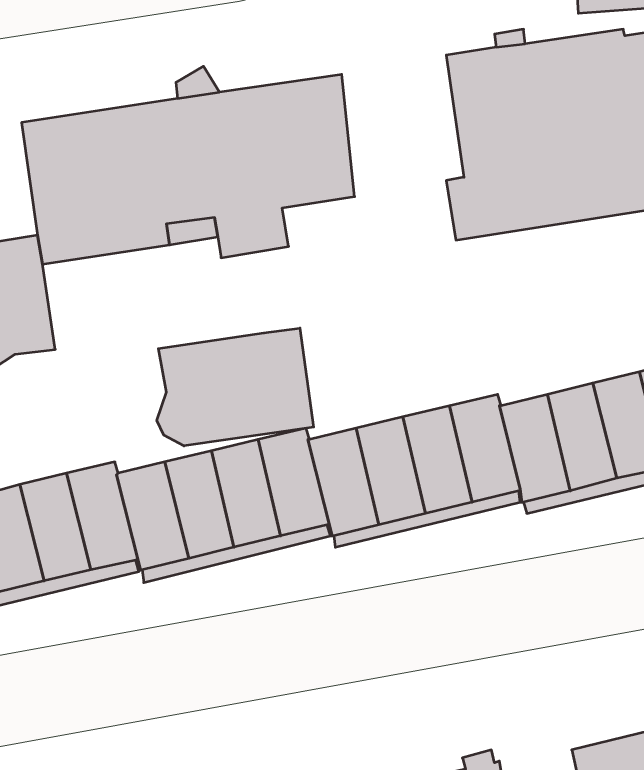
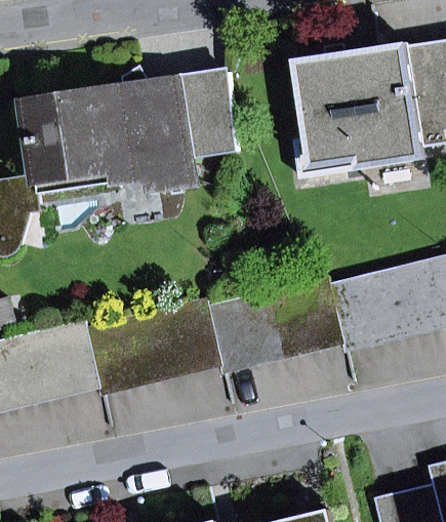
building: [157,328,314,446] -> none

